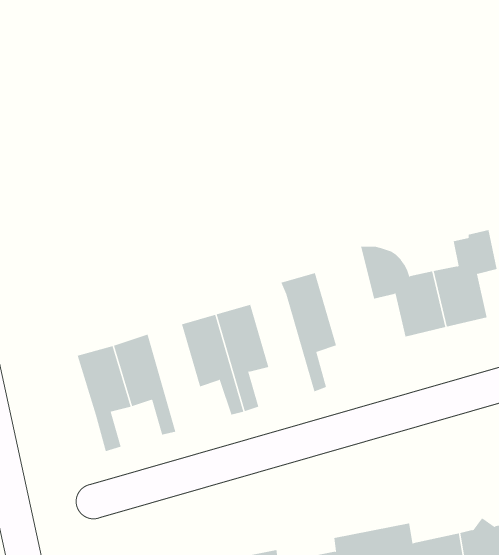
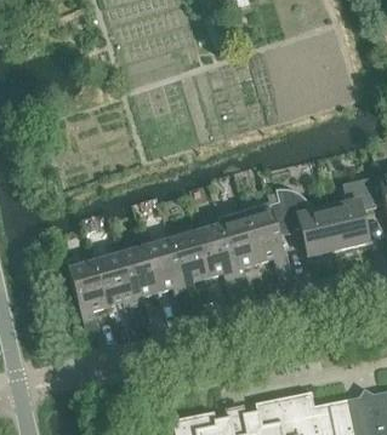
building: none -> [243,201,292,285]
building: none -> [195,225,241,299]
building: none -> [120,247,158,326]

